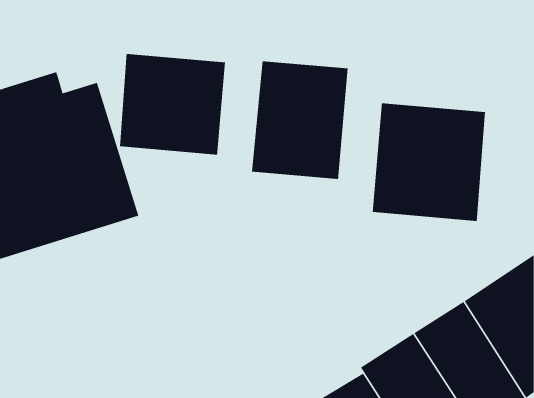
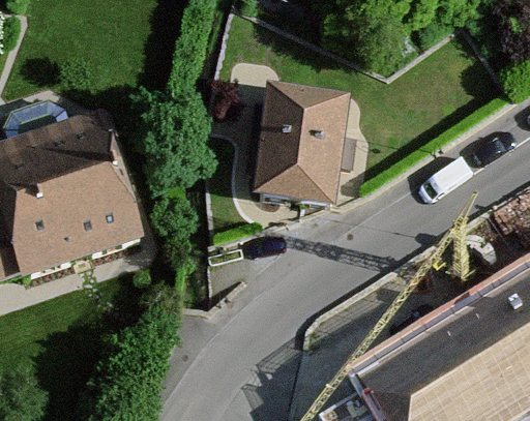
building: [119,53,226,155] -> none
building: [372,102,485,222] -> none

